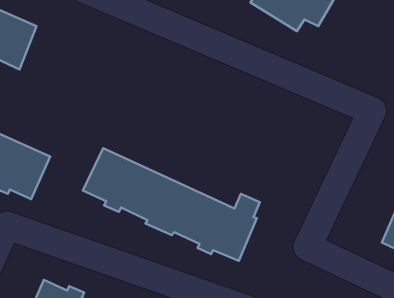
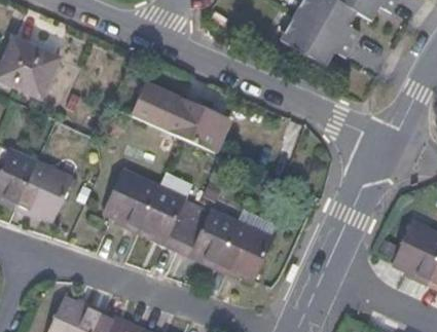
building: none -> [130,80,227,151]

